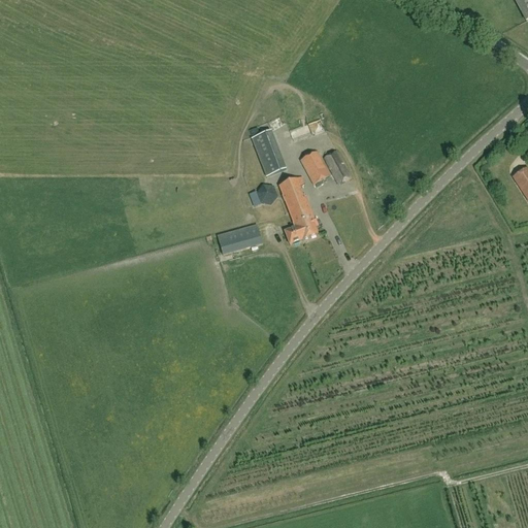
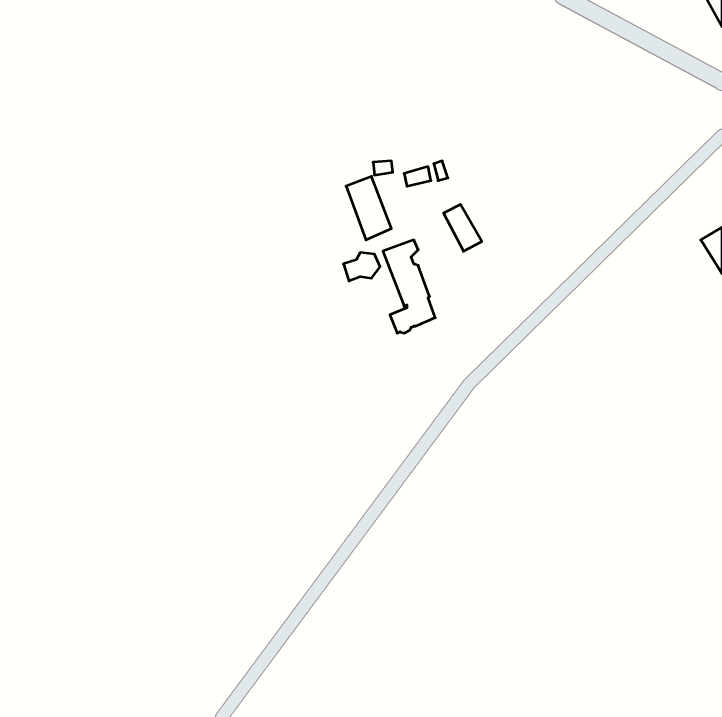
building: [301,151,330,184] -> none
building: [218,224,262,253] -> none

